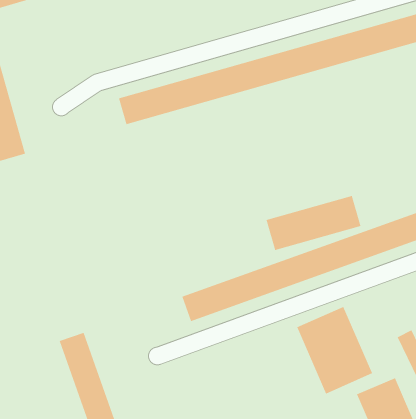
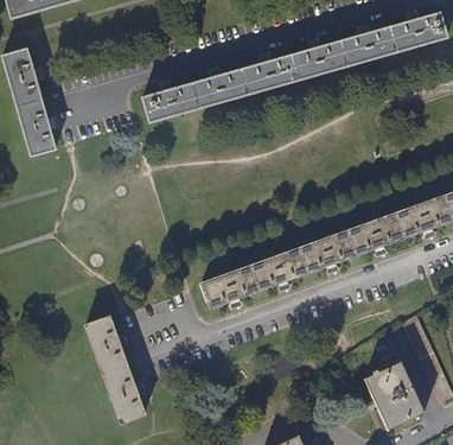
building: [266,195,361,251] -> none
building: [297,306,373,394] -> none

